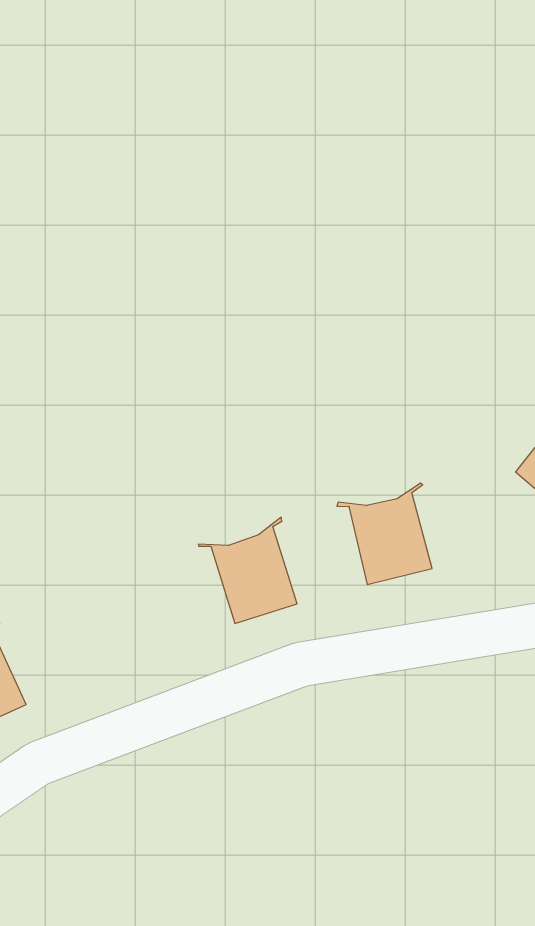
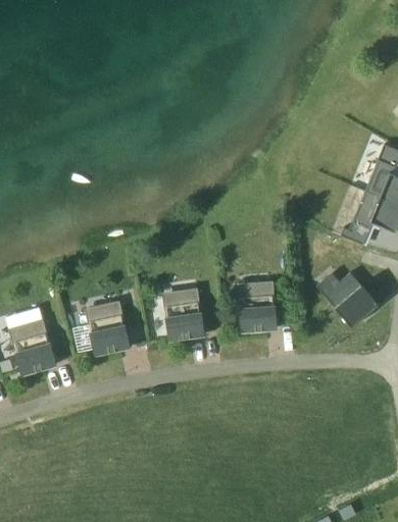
building: none -> [79,303,128,355]

